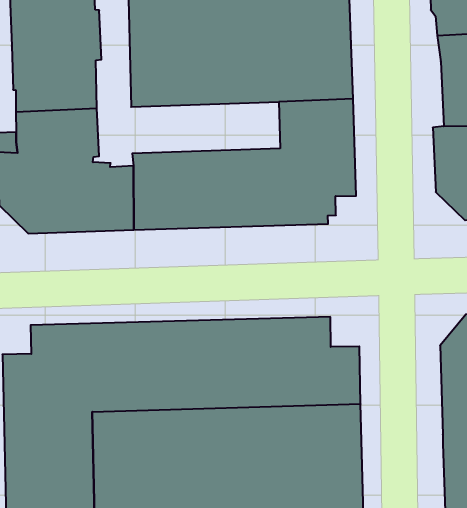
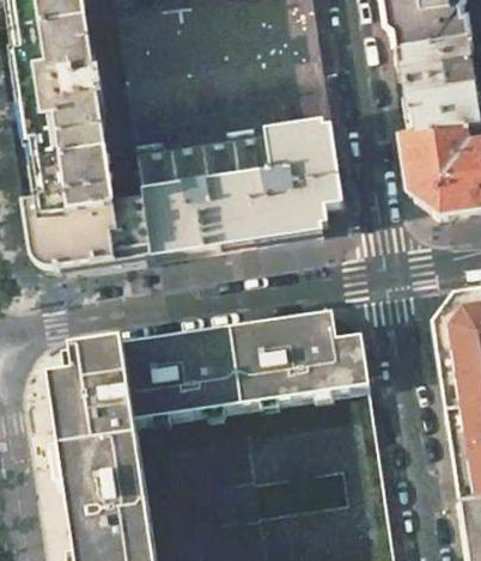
building: none -> [135,128,270,189]

